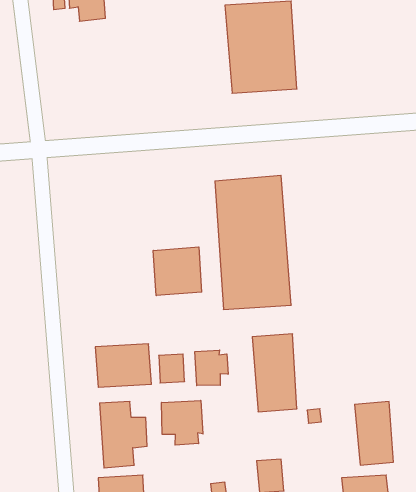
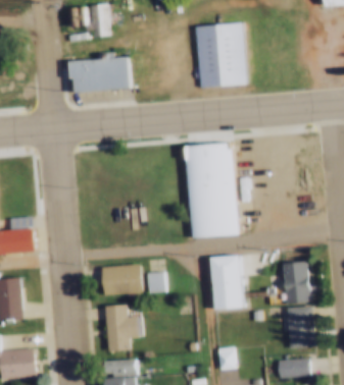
building: none -> [70,58,132,95]
building: [153,247,202,296] -> none
building: none -> [283,261,310,307]
building: [195,350,228,386] -> none
building: [162,400,203,445] -> none

